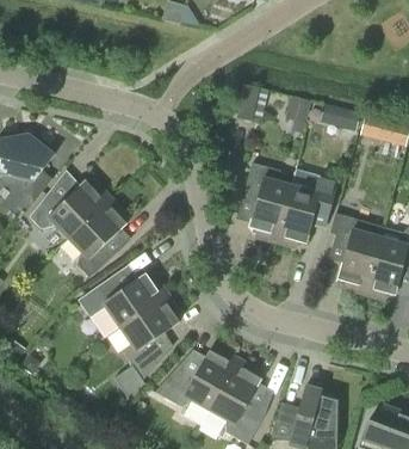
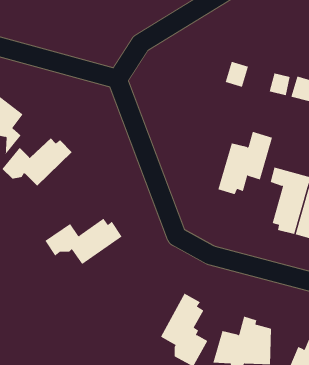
building: [243,161,291,240] -> none
building: [69,197,126,276] -> none
building: [113,294,179,394] -> none
building: [155,349,237,408] -> none

